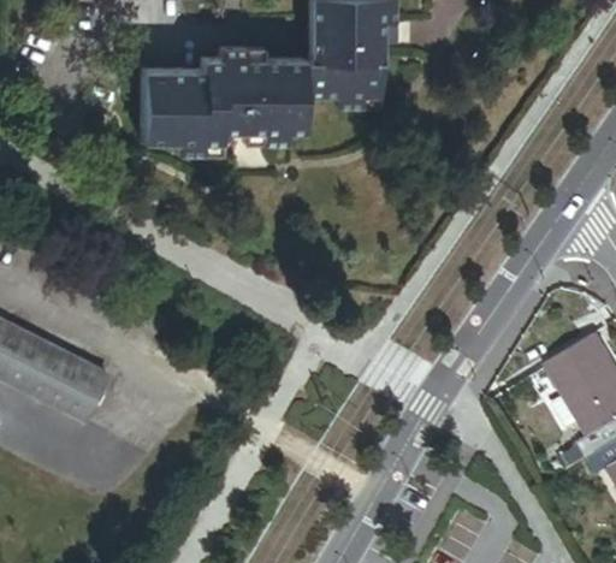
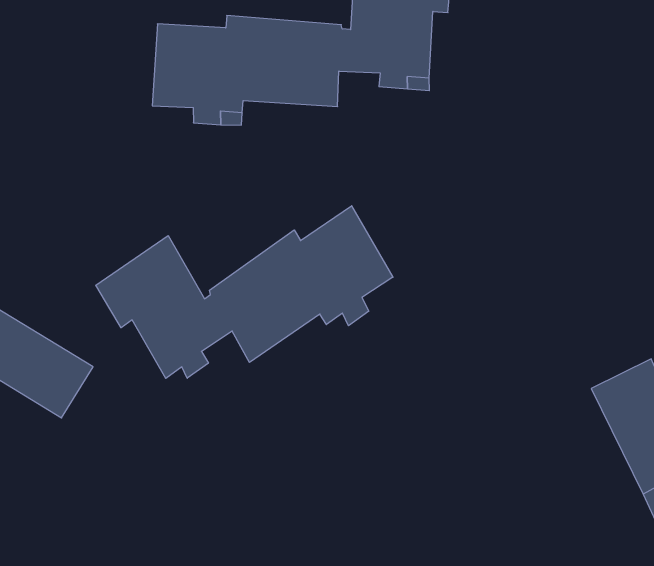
building: none -> [96,206,393,378]

